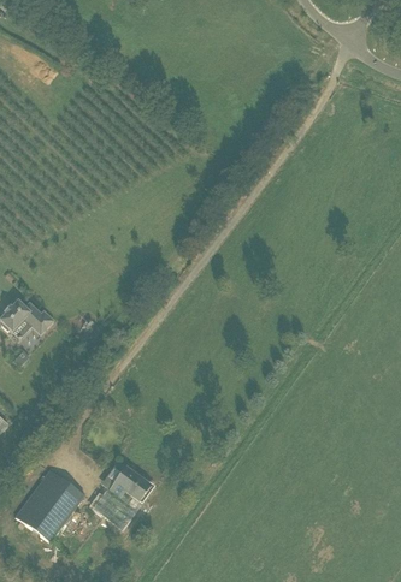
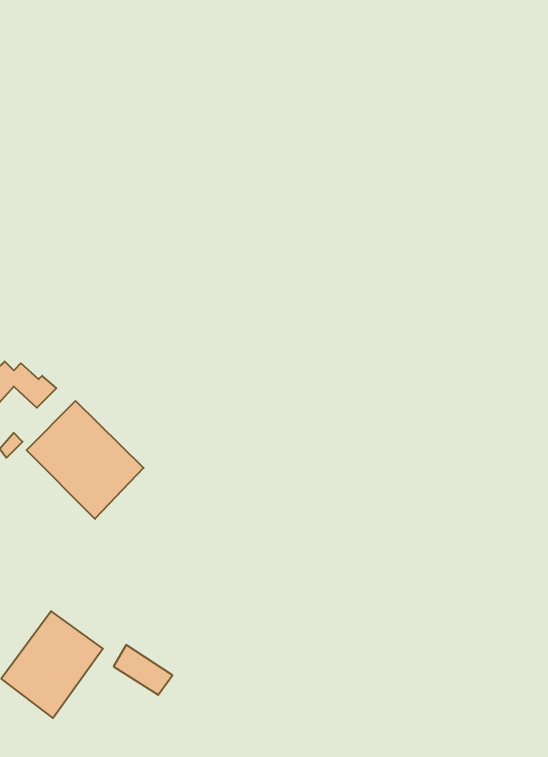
building: none -> [27,401,144,519]
building: [108,465,149,499] -> none

